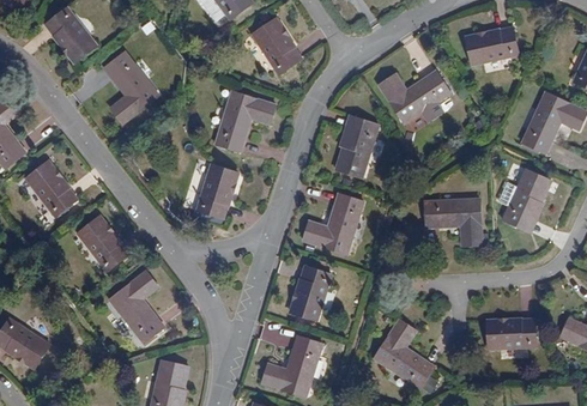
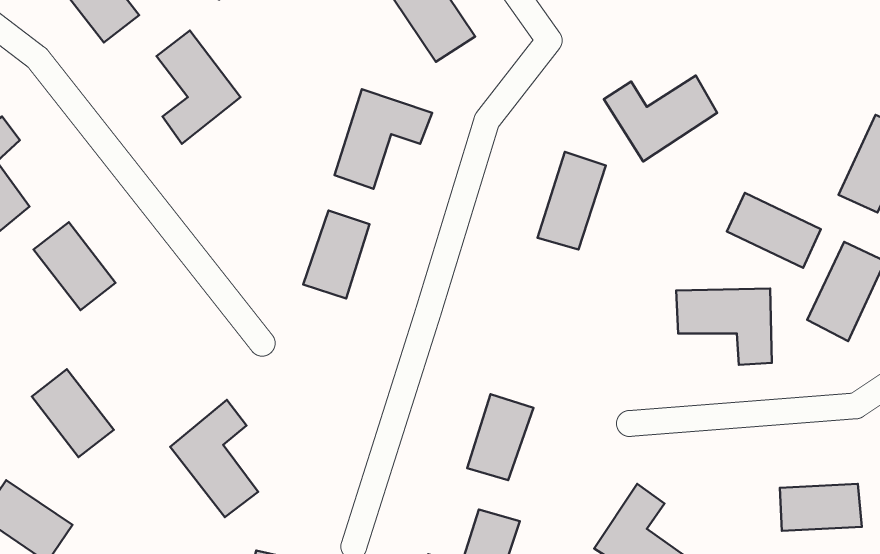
building: [465,34,518,69] -> none
building: none -> [727,193,821,268]
building: [304,195,367,255] -> none
building: [78,218,128,272] -> [32,369,114,457]

